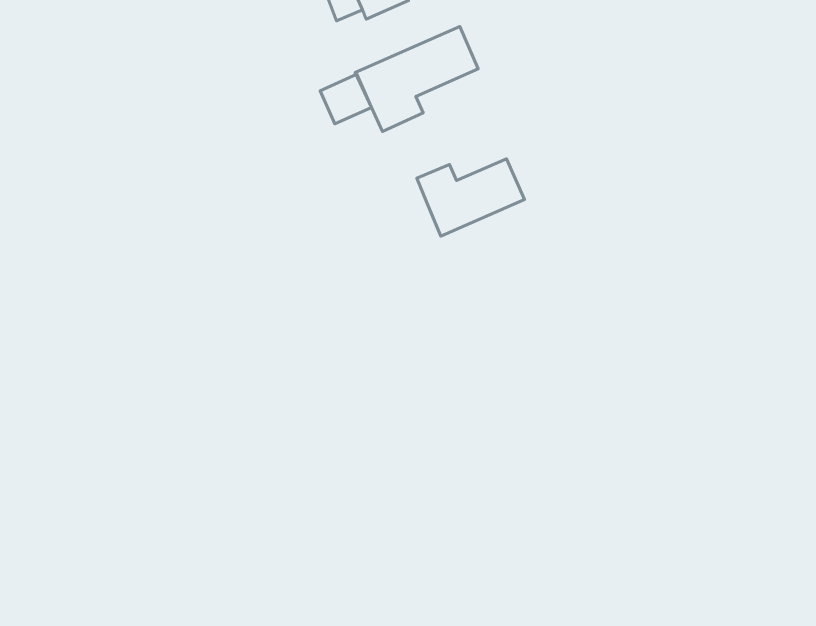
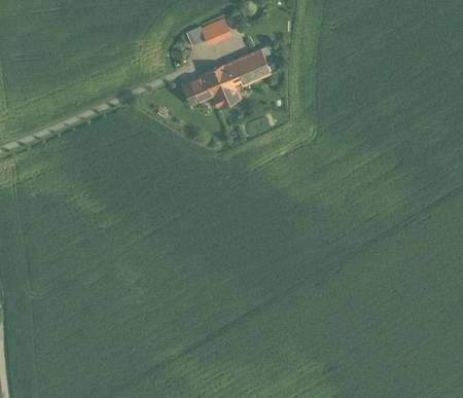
building: [417,159,524,236] -> none

